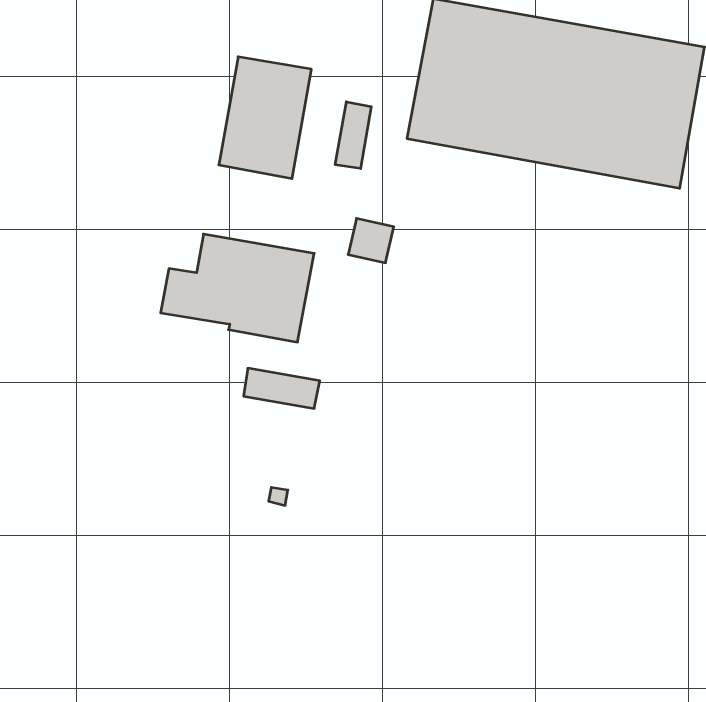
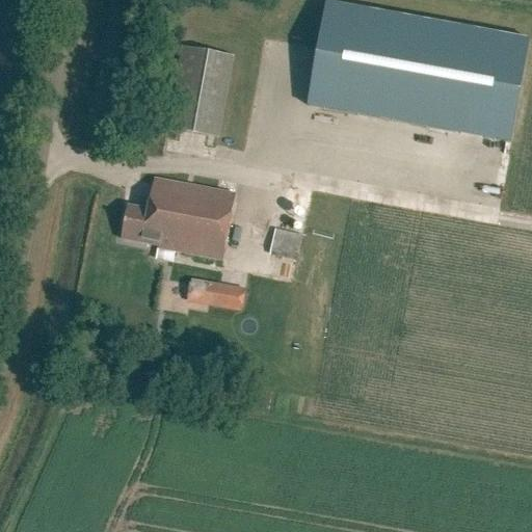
building: [335,102,371,169] -> none
building: [348,218,394,263] -> [268,225,302,259]

